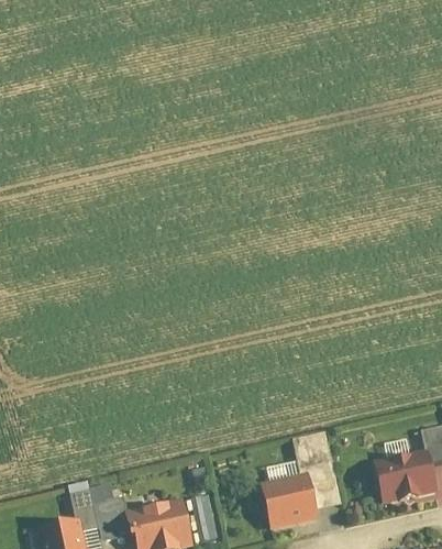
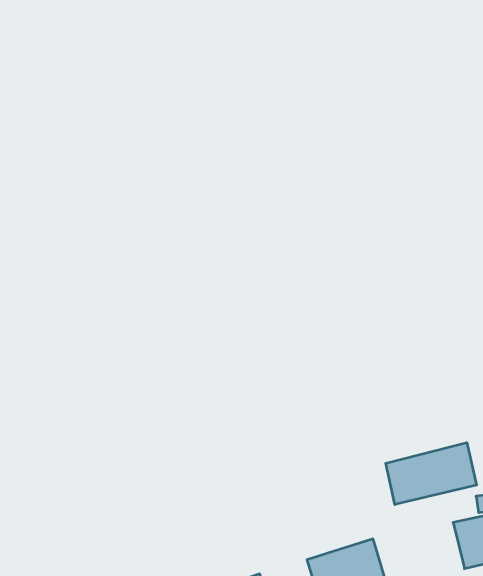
building: none -> [386,443,477,505]

